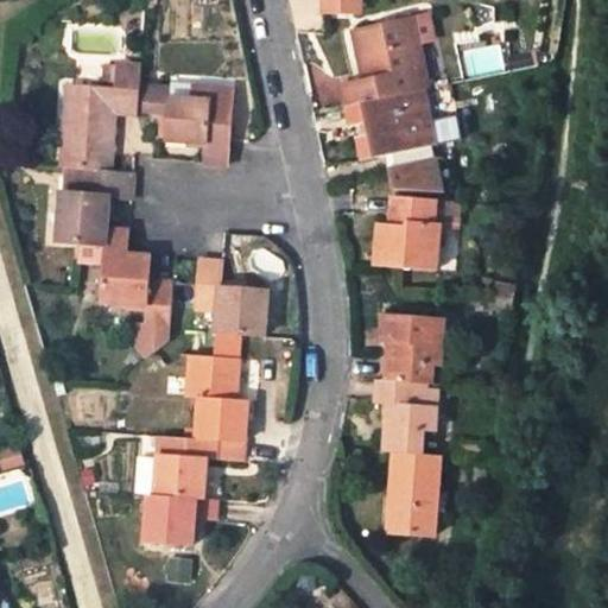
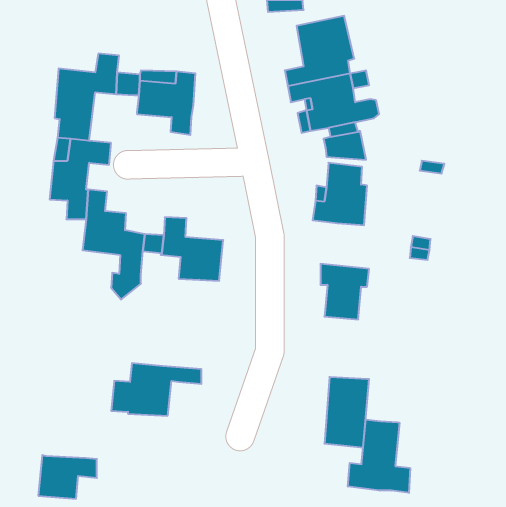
building: [186,334,246,442] -> none
building: [376,378,437,452] -> none
building: [144,494,214,546] -> [38,455,97,499]
building: none -> [348,419,410,493]

